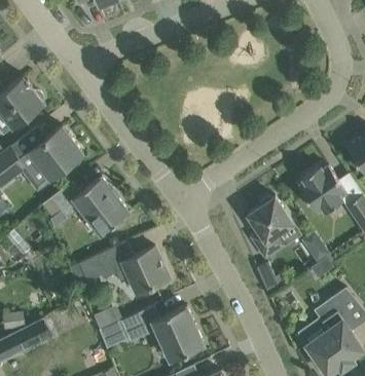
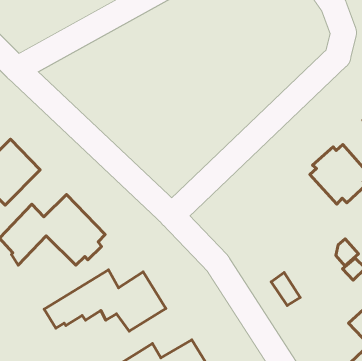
building: [247,196,294,258] -> none

